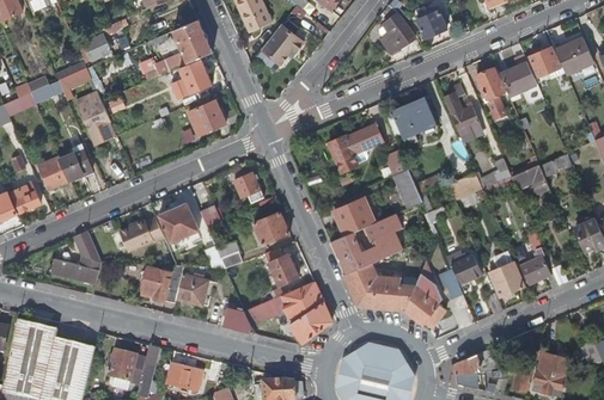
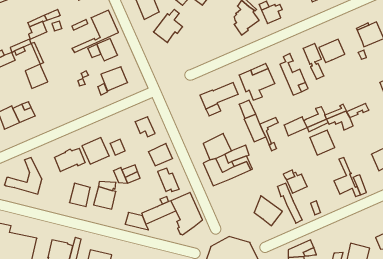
building: [529,44,565,78] -> none
building: [489,260,525,296] -> [310,130,335,155]
building: [343,261,416,309] -> none

